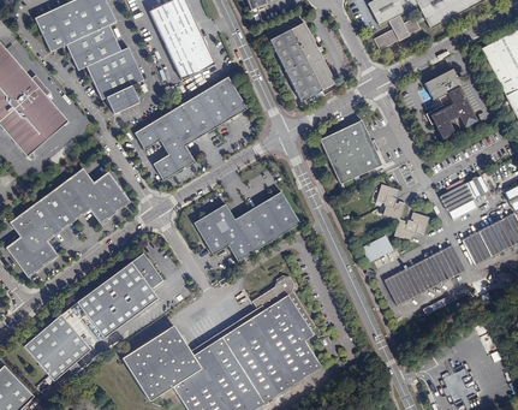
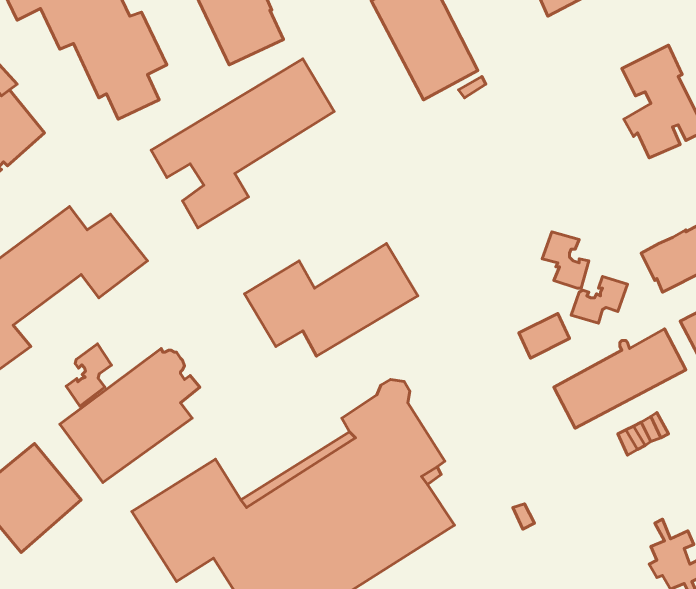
building: [320,119,382,184] -> none
building: none -> [66,344,112,406]

